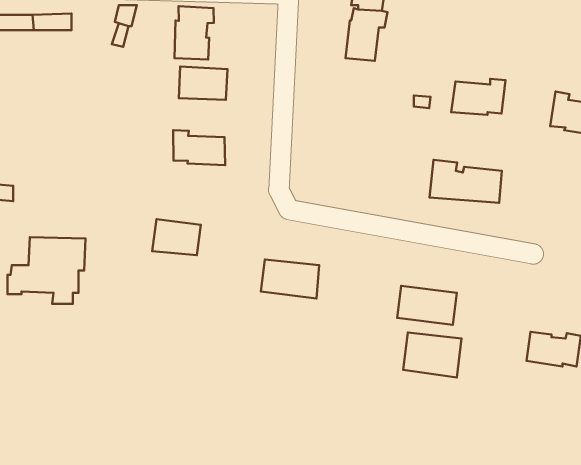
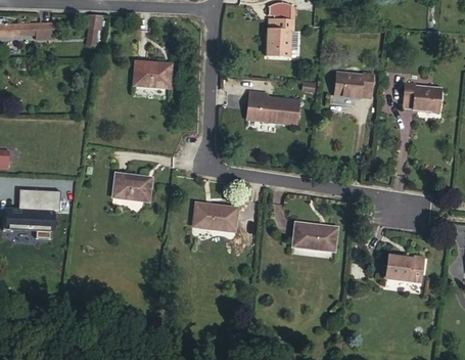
building: [174,6,214,60] -> none
building: [173,130,225,165] -> none
building: [429,160,502,203] -> [247,87,300,119]
building: [403,333,462,377] -> none

